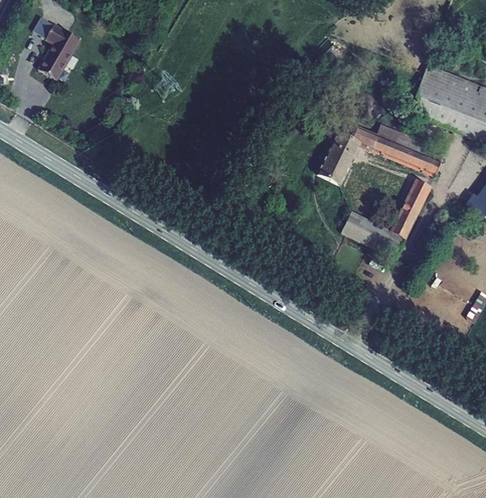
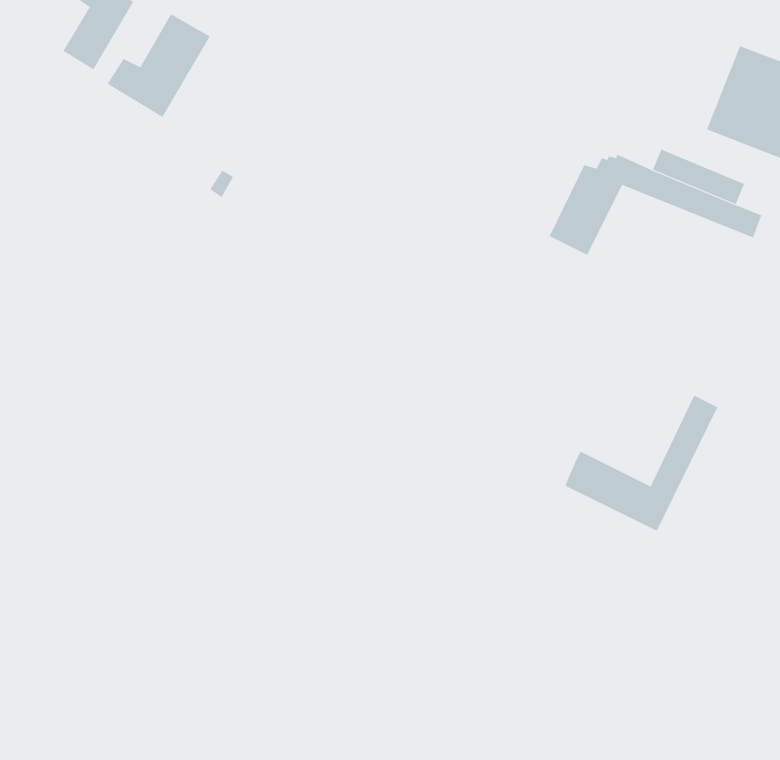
building: none -> [107,14,210,118]
building: [342,179,431,258] -> [564,395,718,531]

